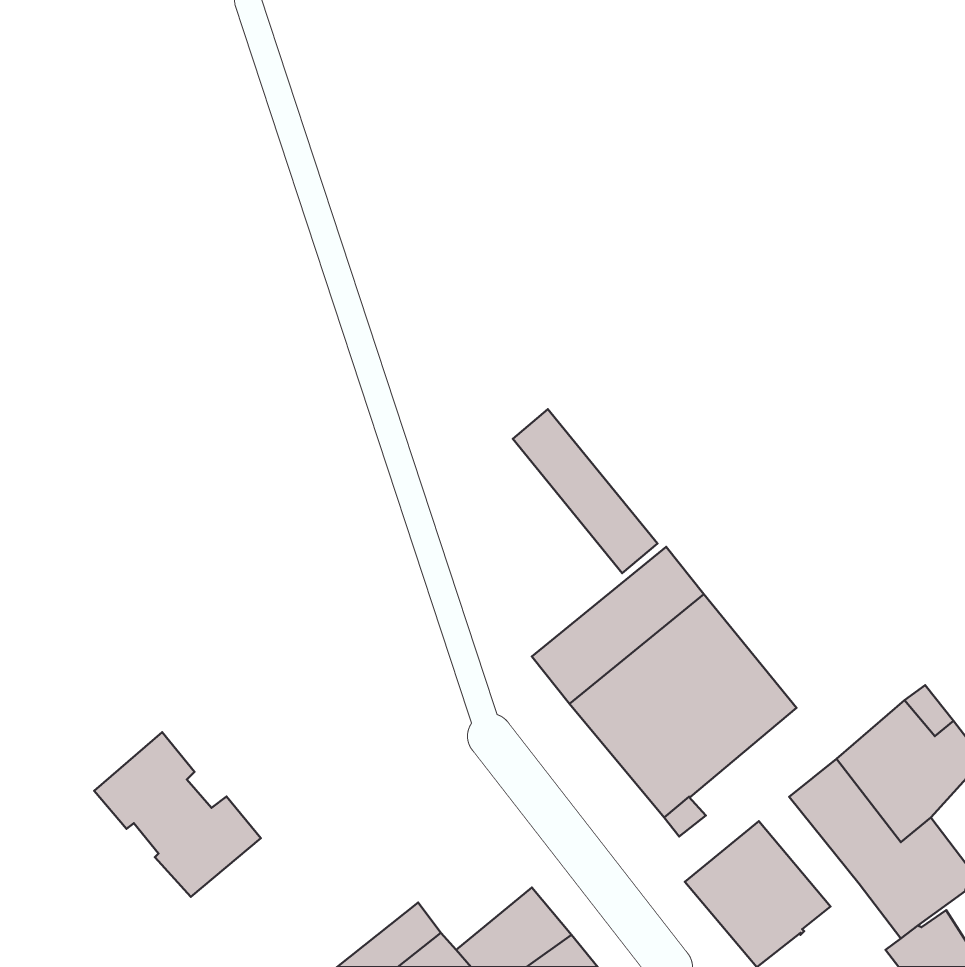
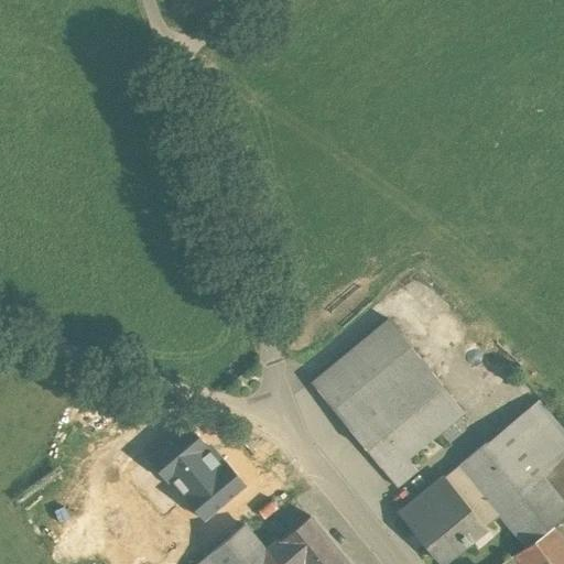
building: [513,409,658,573] -> none
building: [94,732,261,897] -> [150,425,247,521]
building: none -> [443,464,501,528]

